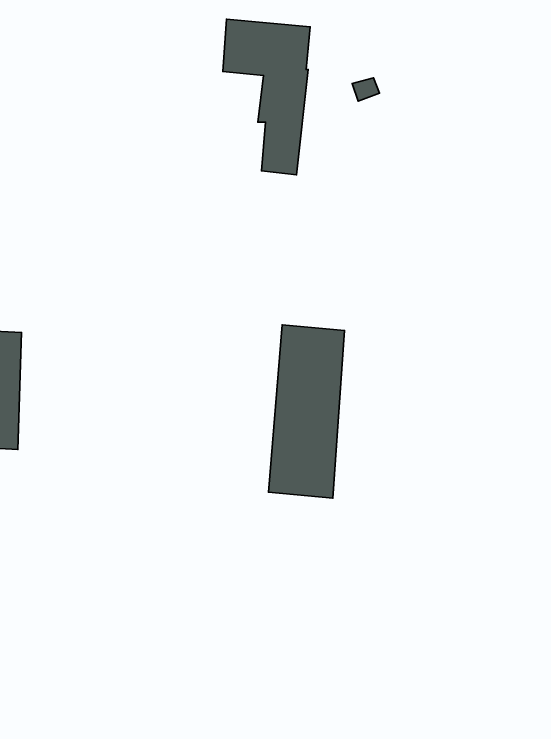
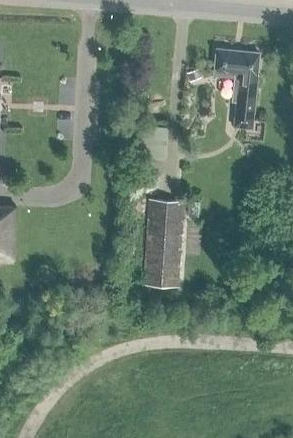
building: [223,19,310,175] -> [214,49,259,129]

